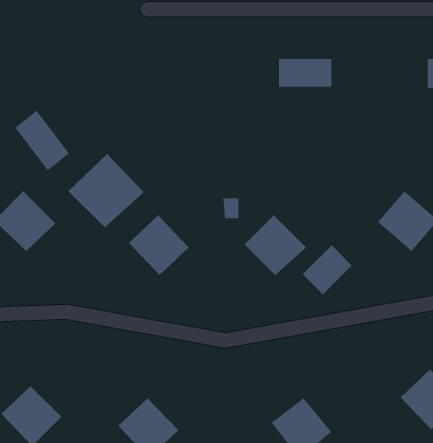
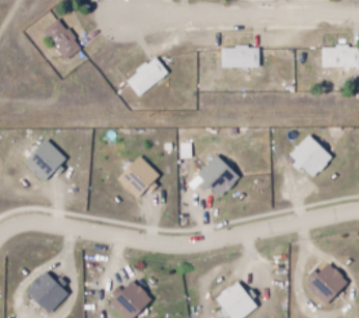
building: none -> [127,56,168,95]
building: [14,110,70,171] -> [43,19,81,61]
building: [67,153,144,228] -> none
building: [302,244,353,295] -> none

